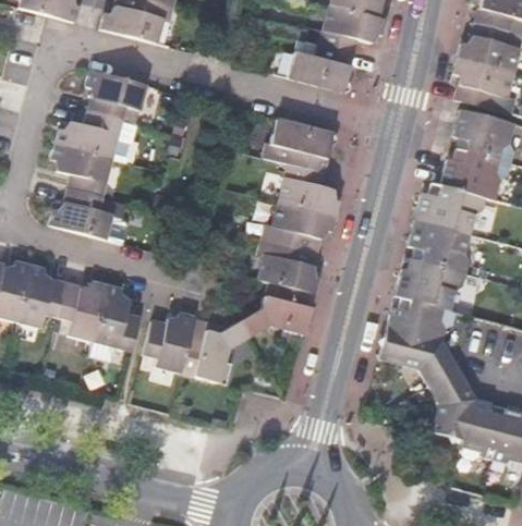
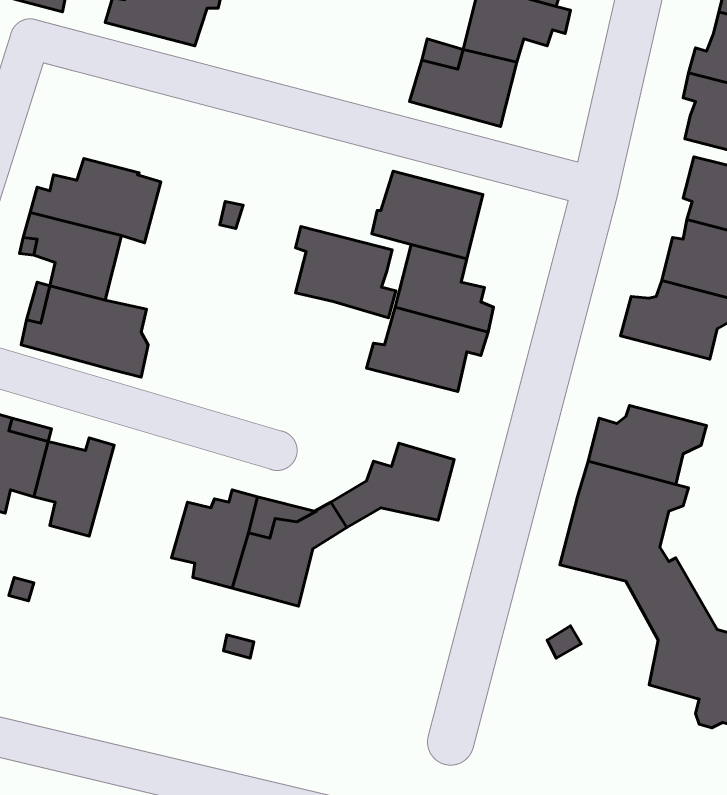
building: [87,69,147,122] -> none
building: [410,218,472,272] -> none
building: [258,237,319,293] -> [296,226,396,318]
building: [89,284,141,359] -> none

